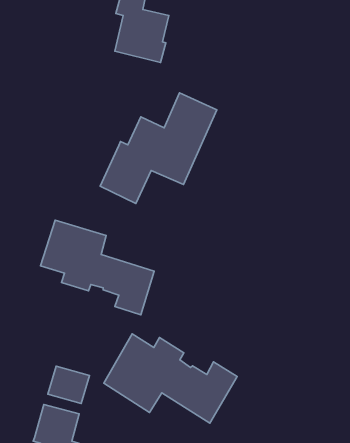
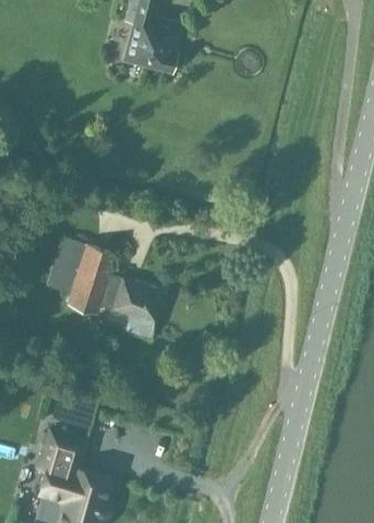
building: [100,93,217,203] -> none
building: [104,334,237,423] -> none

